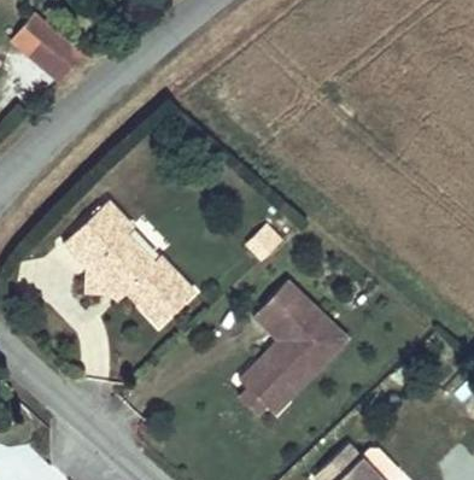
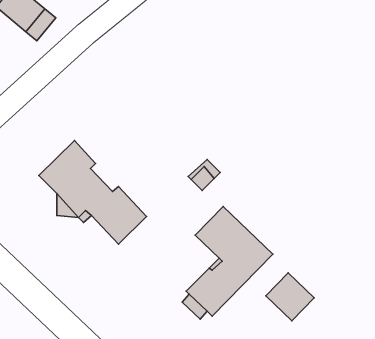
building: none -> [266,273,314,321]

